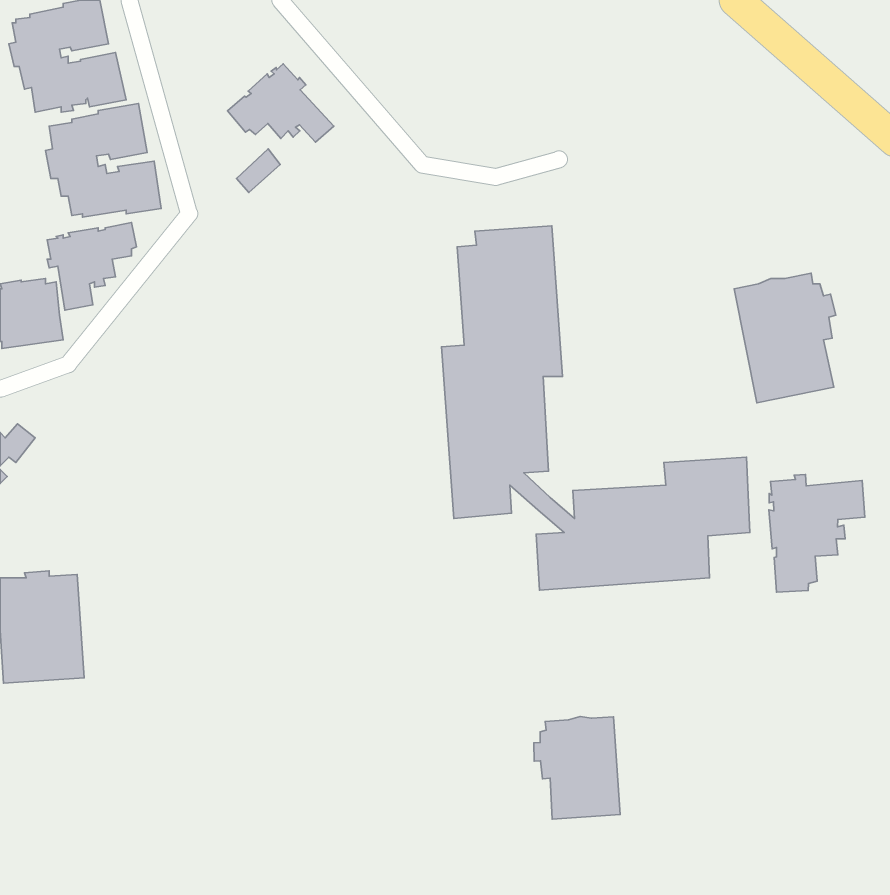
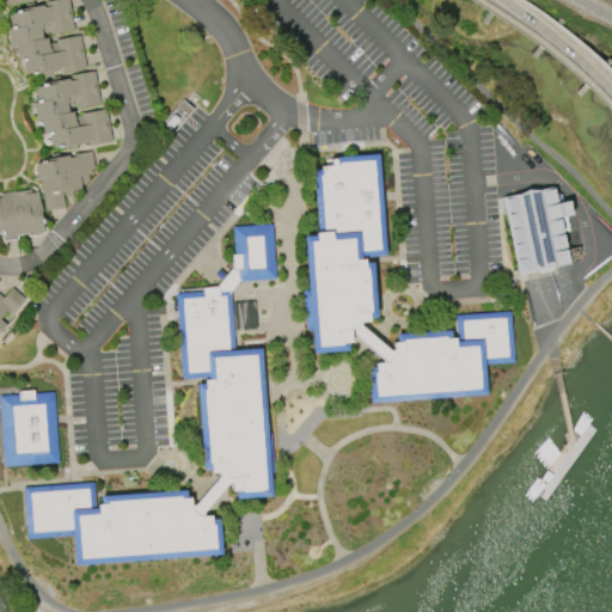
building: [227,64,334,142] -> none
building: none -> [26,224,277,565]
building: [769,474,865,592] -> none
building: [534,717,620,819] -> none

